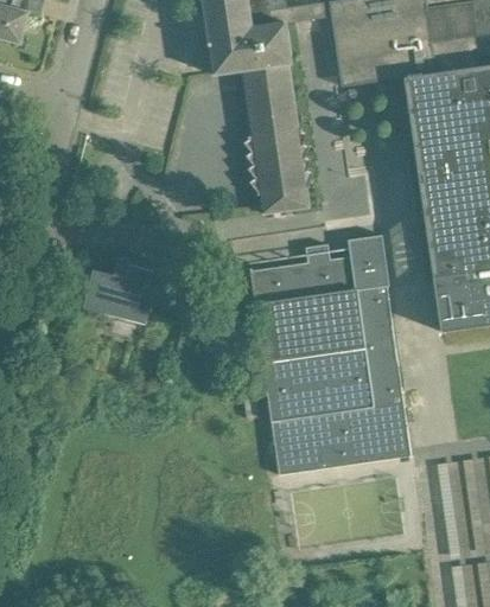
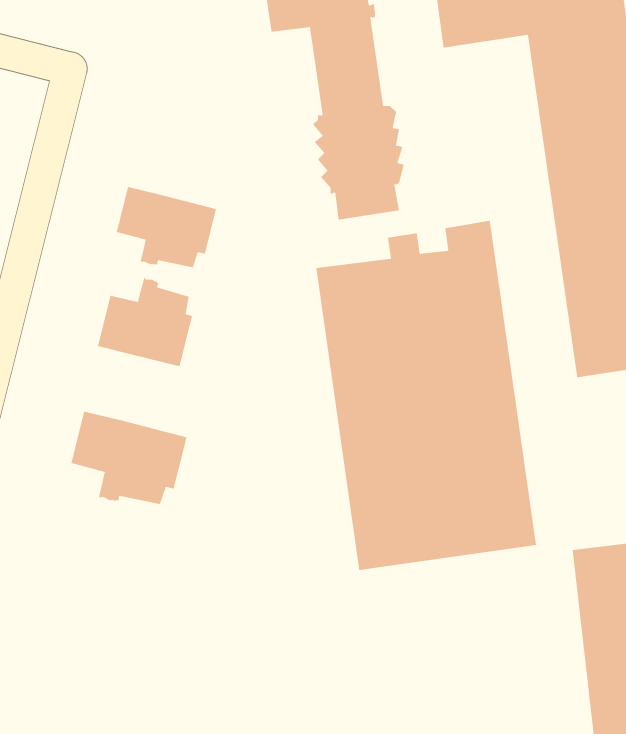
building: none -> [116,186,217,268]
building: none -> [71,411,187,505]

